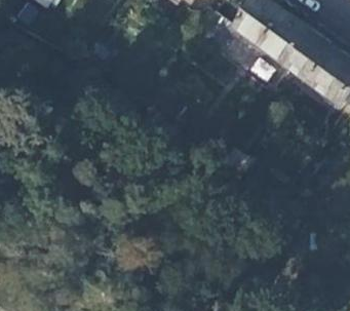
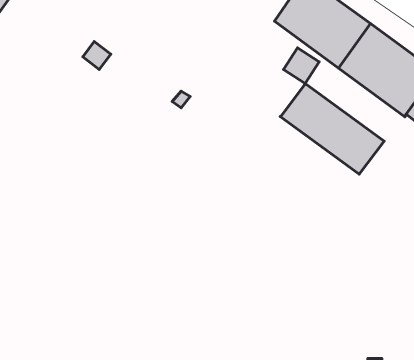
building: none -> [280,84,384,174]

